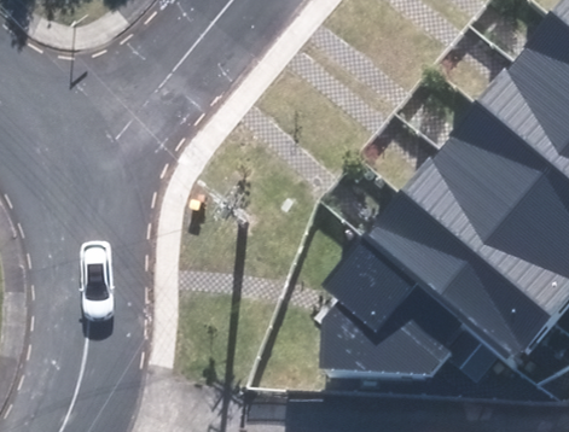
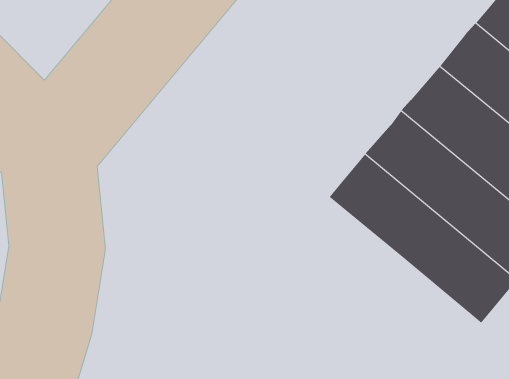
building: [327,234,458,378] -> none

